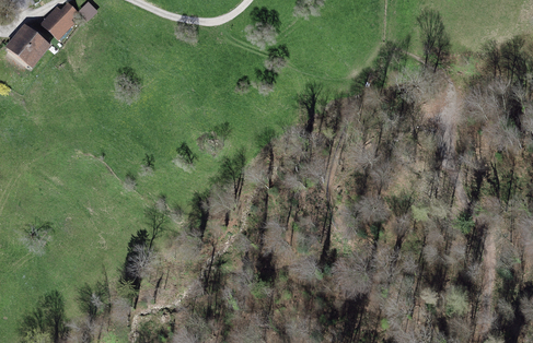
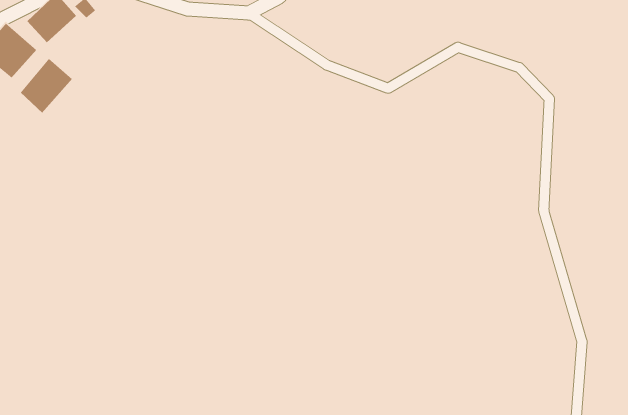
building: none -> [20,58,73,114]

